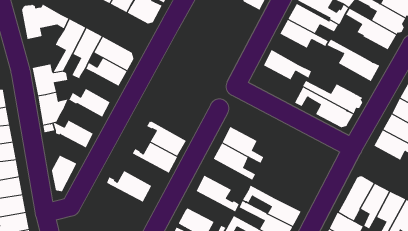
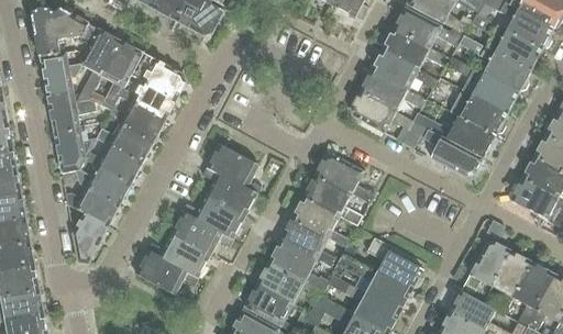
building: none -> [457,35,530,93]
building: none -> [371,49,437,91]
building: none -> [40,52,81,96]
building: none -> [450,89,507,136]
building: none -> [350,92,413,143]
building: none -> [107,102,164,142]
building: none -> [85,138,142,185]
building: none -> [207,145,261,194]
building: none -> [314,155,373,203]
building: none -> [65,186,120,225]
building: none -> [168,212,233,257]
building: none -> [279,219,345,270]
building: none -> [366,238,422,290]
building: none -> [135,252,198,294]
building: none -> [256,263,322,304]

